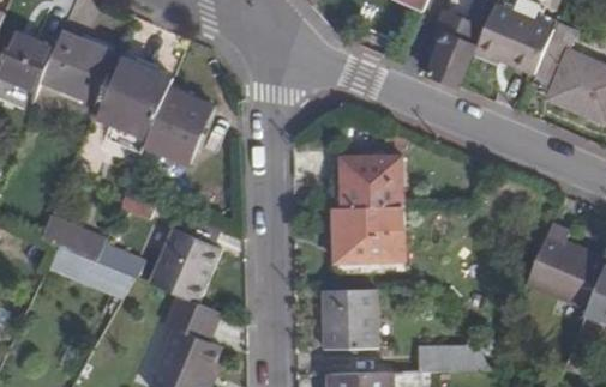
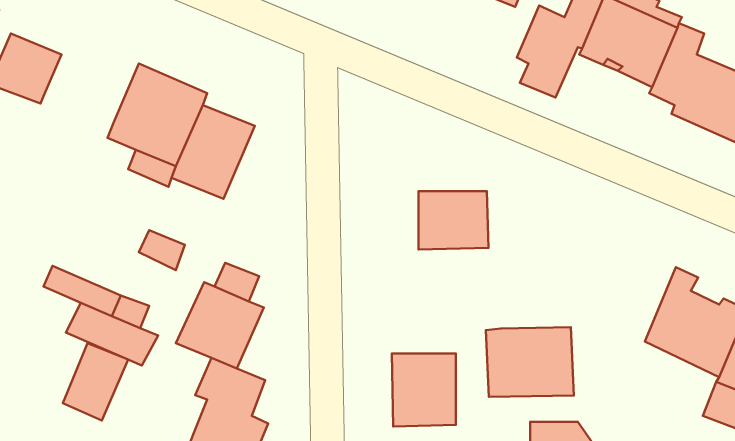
building: [42,34,119,104] -> none
building: [332,205,403,261] -> [486,327,574,397]
building: none -> [63,343,128,420]

